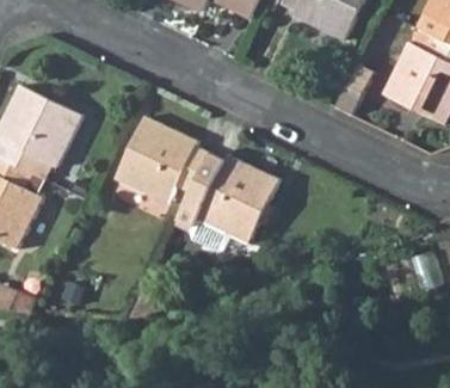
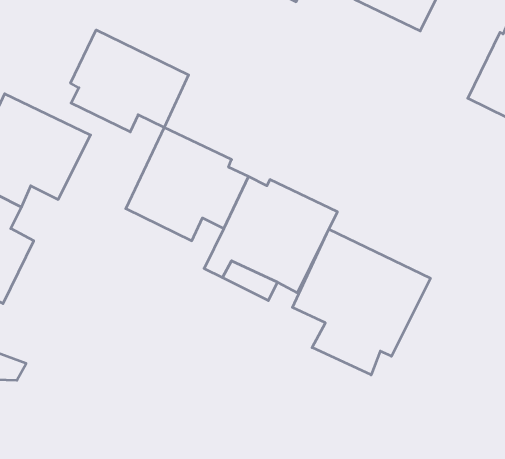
building: none -> [71,30,189,132]
building: none -> [292,229,430,375]

